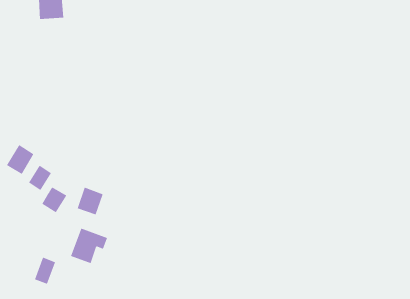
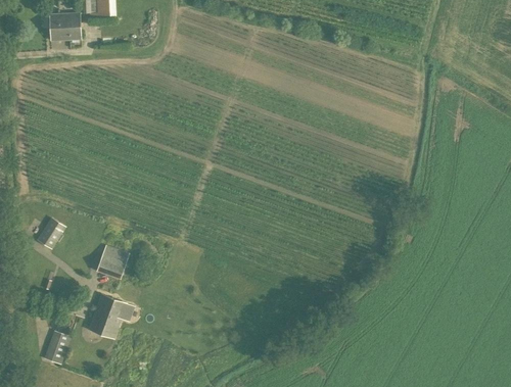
building: [6,144,34,175] -> none
building: [41,187,67,213] -> none

